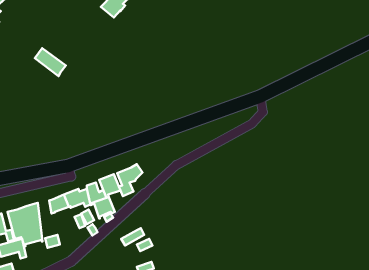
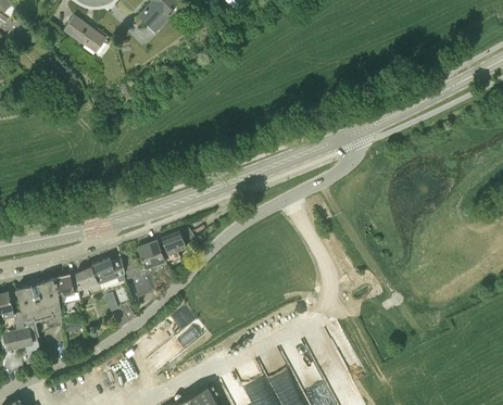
building: [35,48,66,76] -> [63,15,104,52]
building: none -> [54,274,79,303]

